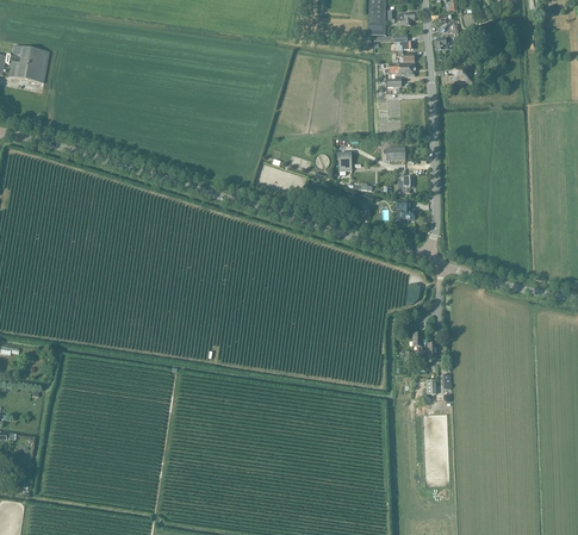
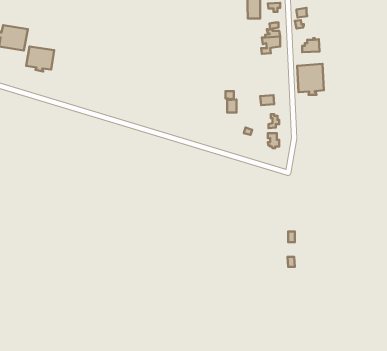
building: none -> [26,47,54,71]
building: none -> [297,64,324,95]

